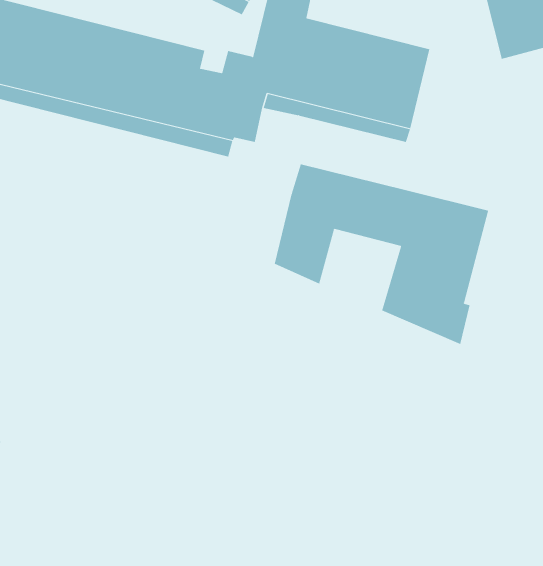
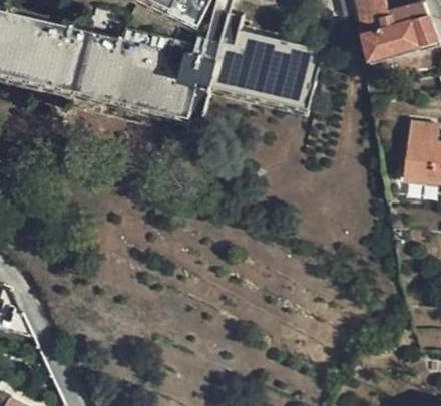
building: [274,163,489,345] -> none

